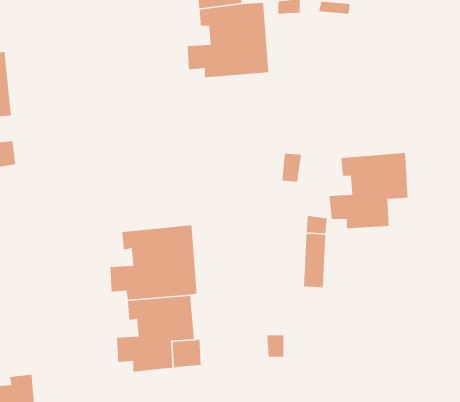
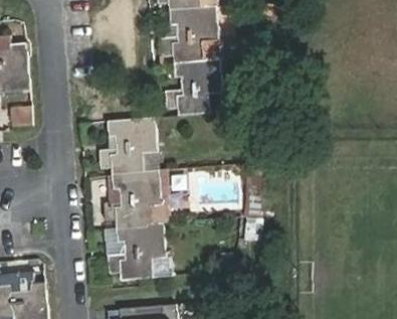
building: [328,152,408,229] -> [164,57,223,115]
building: none -> [98,117,158,175]

